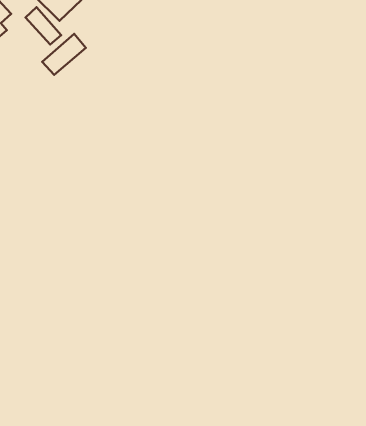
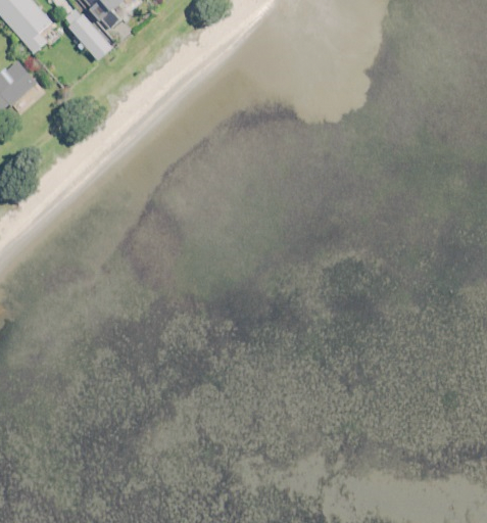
building: [42,34,86,75] -> none

